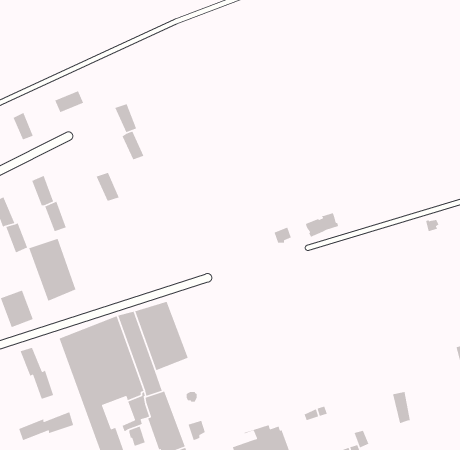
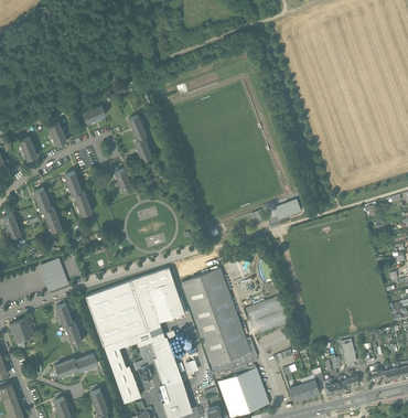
building: [28,238,76,302] -> none
building: none -> [182,268,257,374]

